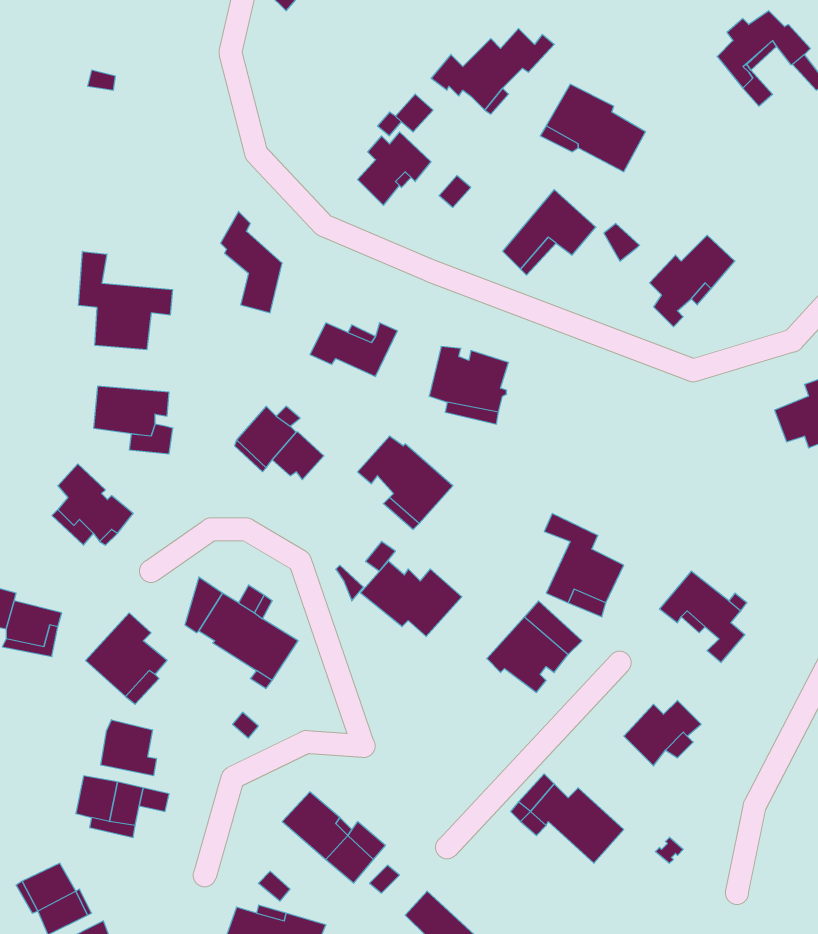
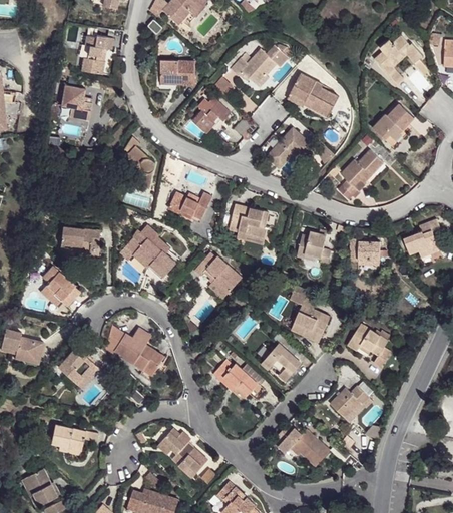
building: none -> [81,38,113,76]
building: none -> [160,62,194,87]
building: none -> [62,88,92,122]
building: none -> [373,98,414,135]
building: [78,251,173,350] -> none
building: none -> [298,232,331,265]
building: none -> [349,239,386,263]
building: [361,561,462,637] -> [210,359,262,397]
building: [101,720,156,776] -> none

